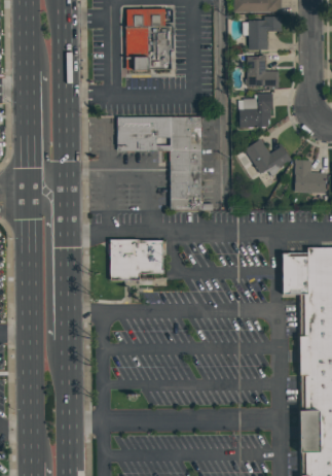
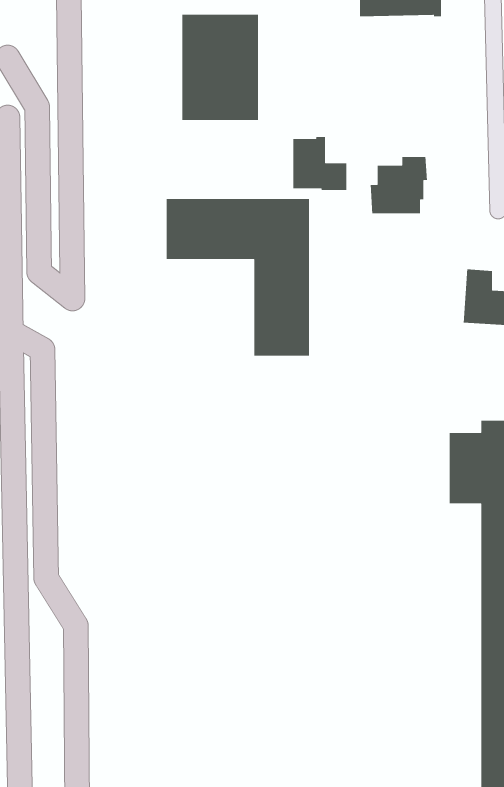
building: [248,16,282,50] -> none
building: [246,56,278,88] -> [293,136,347,191]
building: [244,139,291,174] -> none
building: [112,243,167,282] -> none

